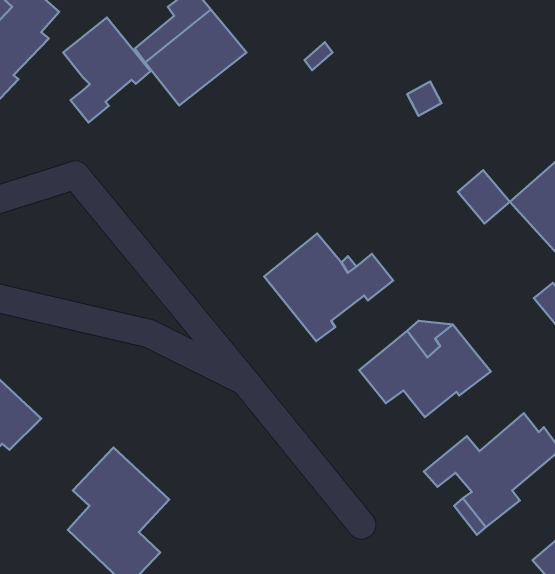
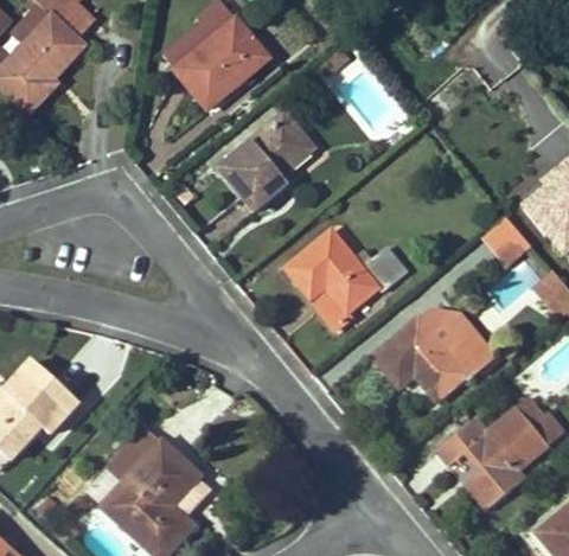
building: [63,17,150,122] -> none
building: none -> [219,117,311,210]
building: [458,170,510,223] -> [484,217,532,267]

